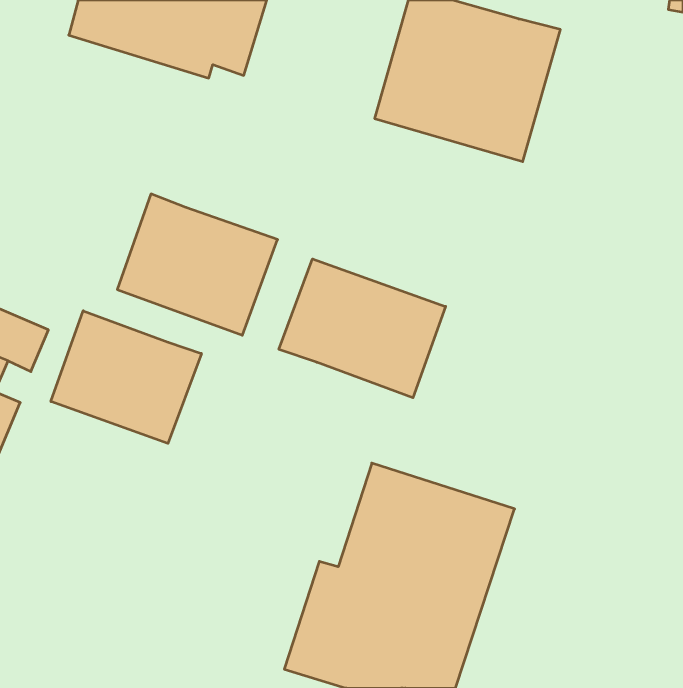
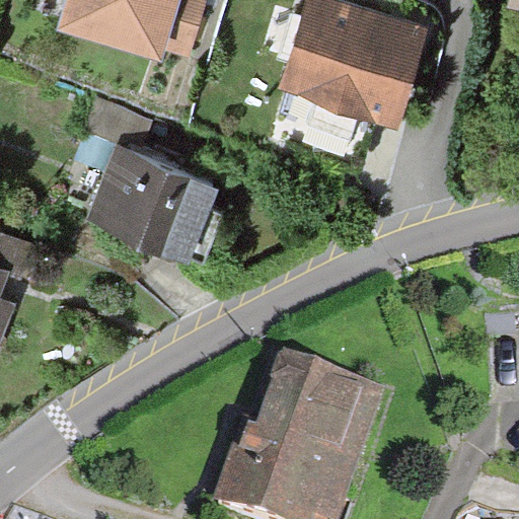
building: [279,259,446,398] -> none
building: [51,311,201,443] -> none

